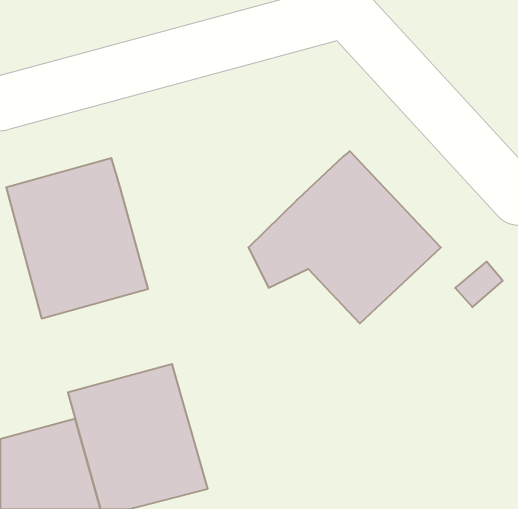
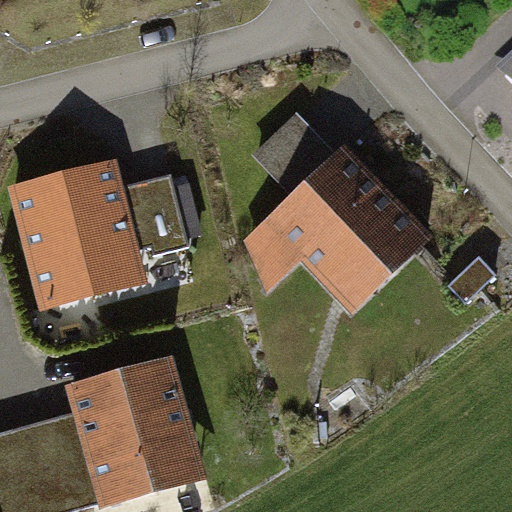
building: none -> [252,110,339,197]
building: none -> [119,172,189,259]

